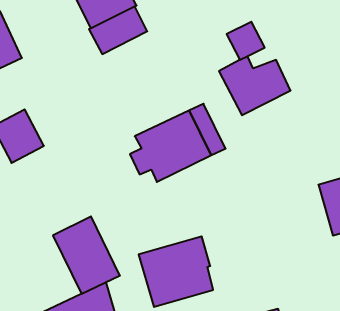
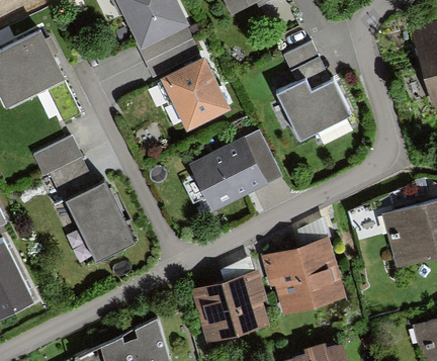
building: none -> [160,58,228,130]
building: none -> [261,236,346,314]
building: [53,216,120,294] -> [64,182,135,264]

